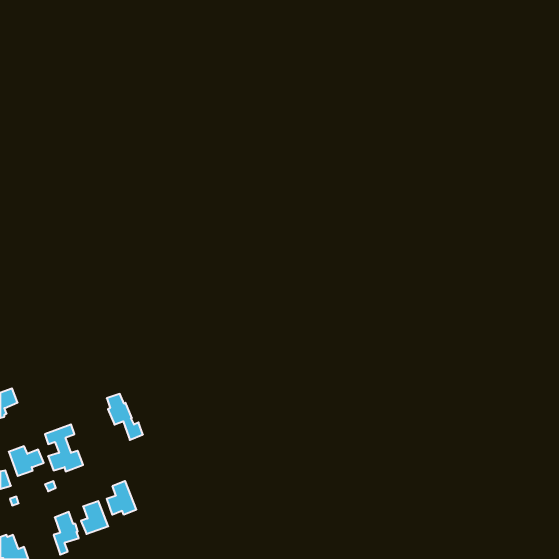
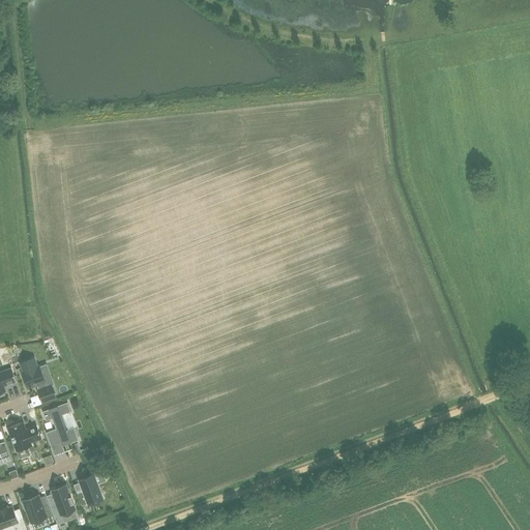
building: [107,394,143,440] -> [21,358,55,402]
building: [107,481,136,515] -> none
building: none -> [22,495,53,524]

